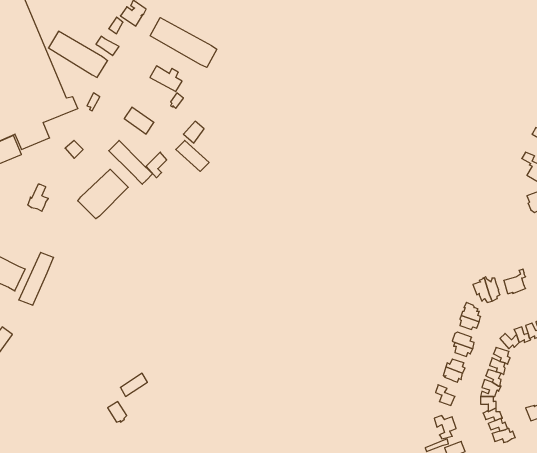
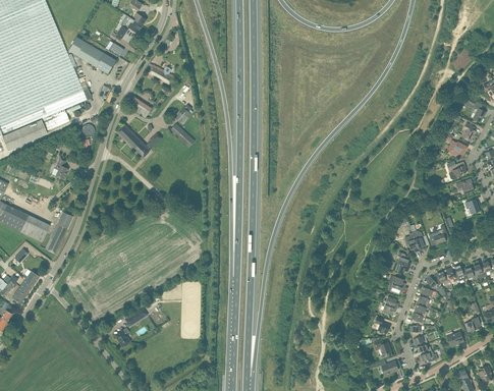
building: [150,18,217,67] -> none
building: [78,169,128,219] -> none

